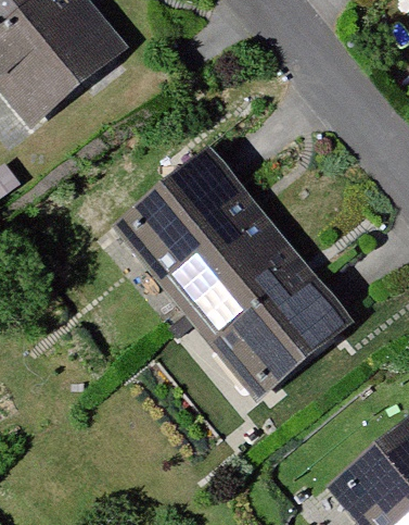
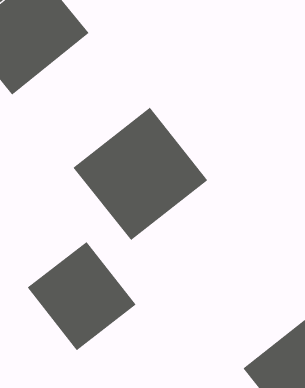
building: [188,238,350,399] -> none
building: none -> [27,241,136,351]

